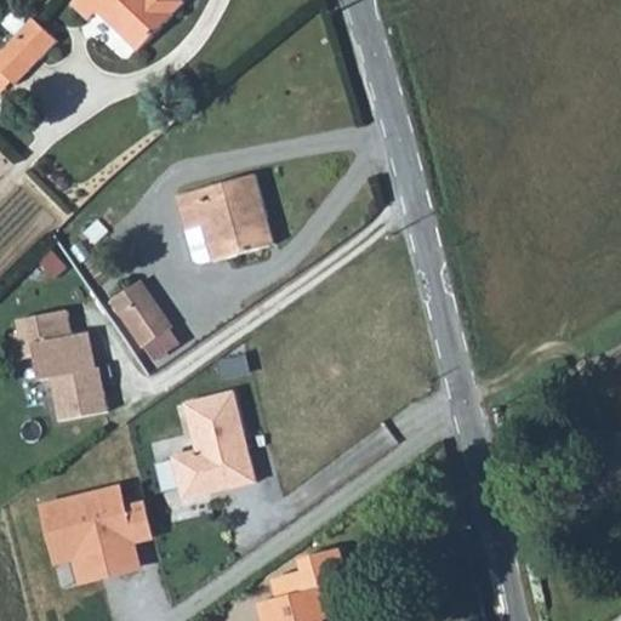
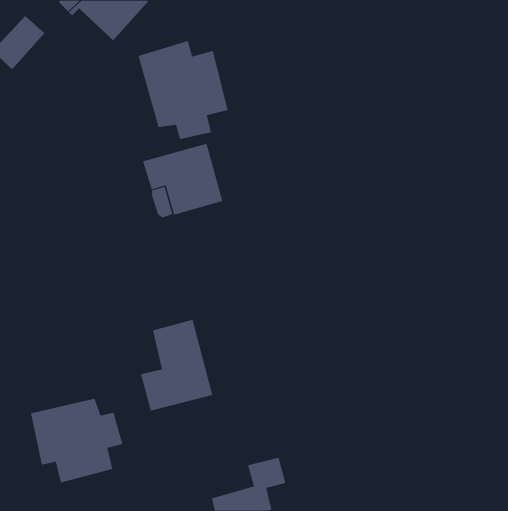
building: none -> [138,40,228,140]
building: [110,280,170,346] -> none
building: [10,307,108,420] -> none

